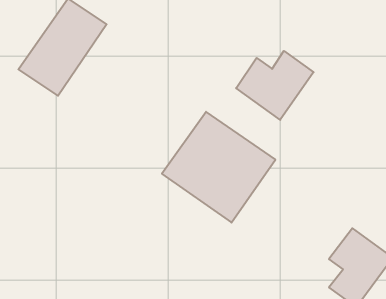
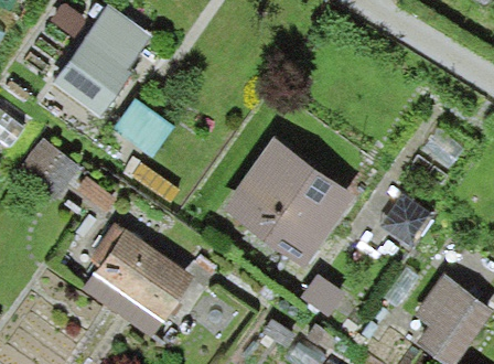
building: [236,51,314,120] -> none
building: none -> [83,222,195,334]

